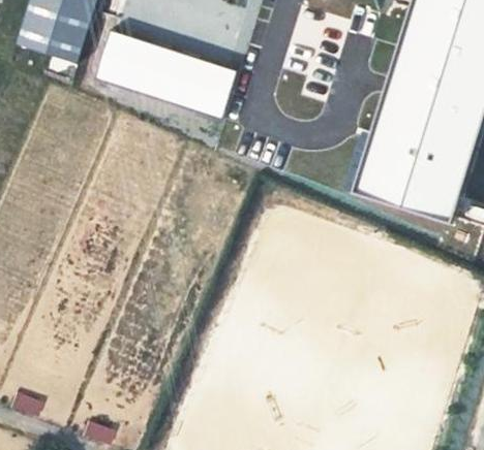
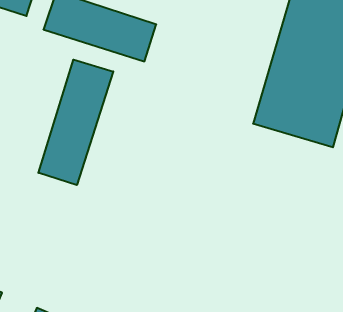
building: none -> [38,60,113,185]

